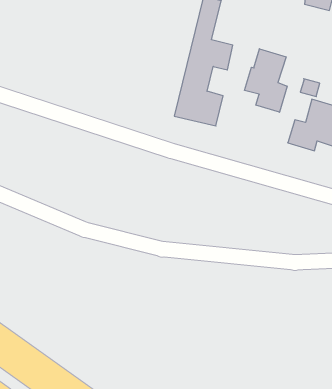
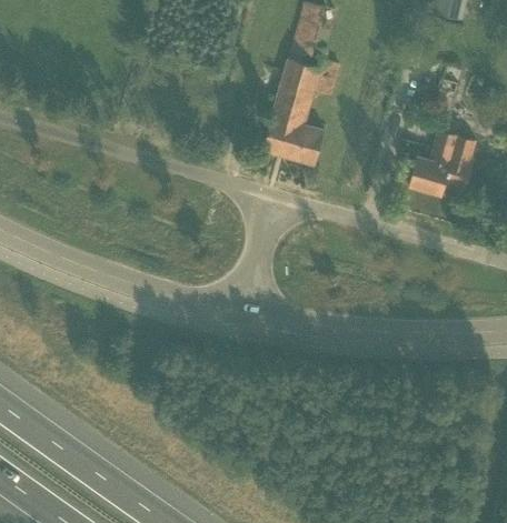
building: [245,49,287,112] -> none

